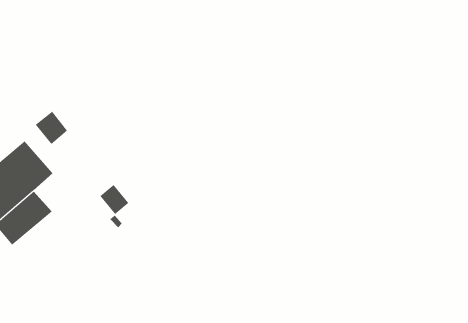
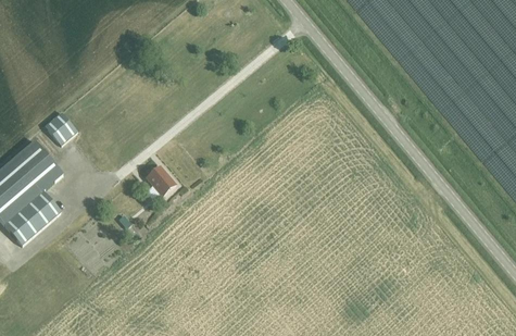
building: [100,184,129,215] -> [146,165,175,196]

